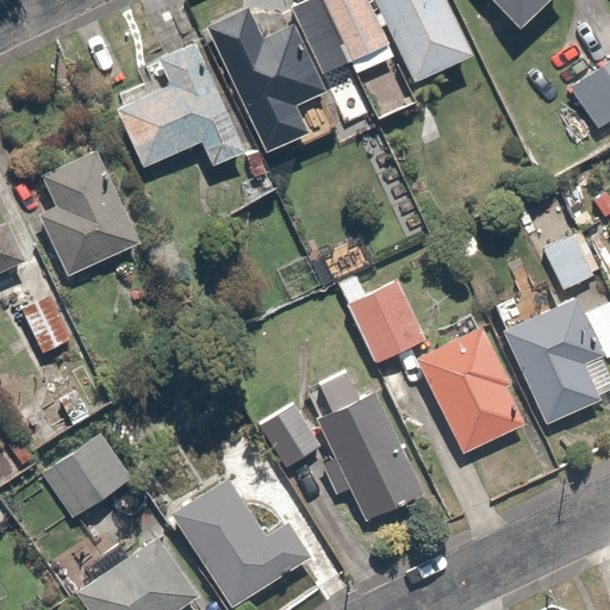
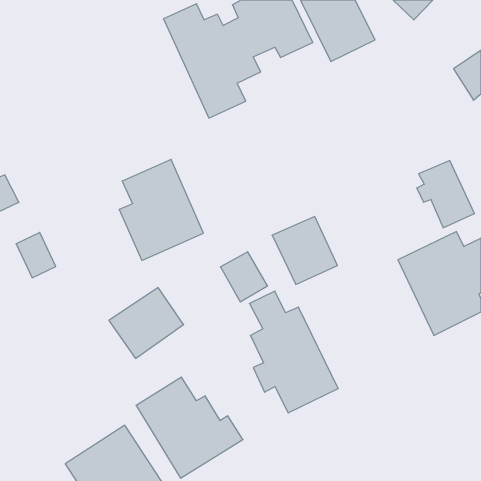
building: [116,41,248,168] -> none
building: [38,151,144,279] -> [119,159,203,260]
building: [415,328,523,452] -> none
building: [259,403,318,466] -> [220,252,268,302]
building: [41,432,135,522] -> [109,288,184,358]

